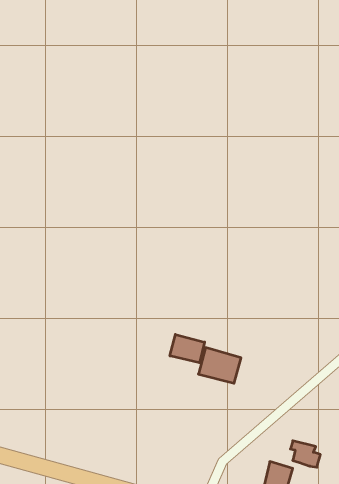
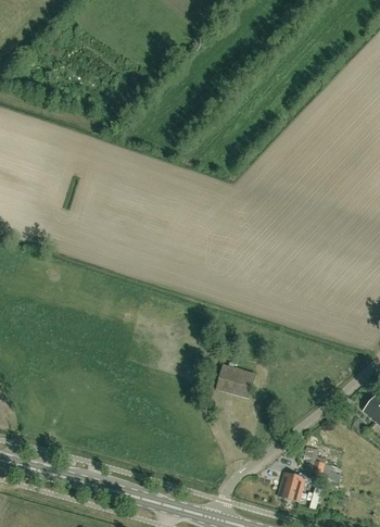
building: [170,334,205,363] -> none

